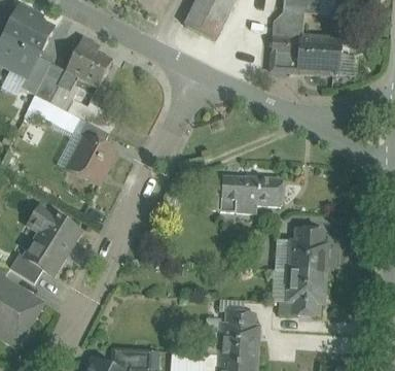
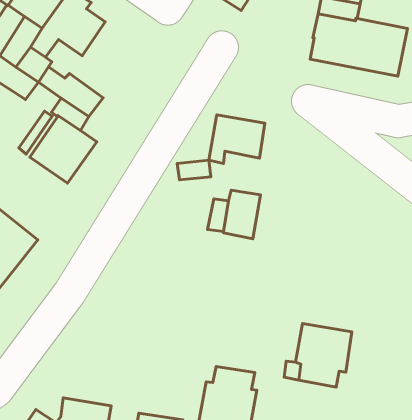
building: [243,175,282,211] -> [209,115,265,163]
building: [276,226,328,272] -> none

